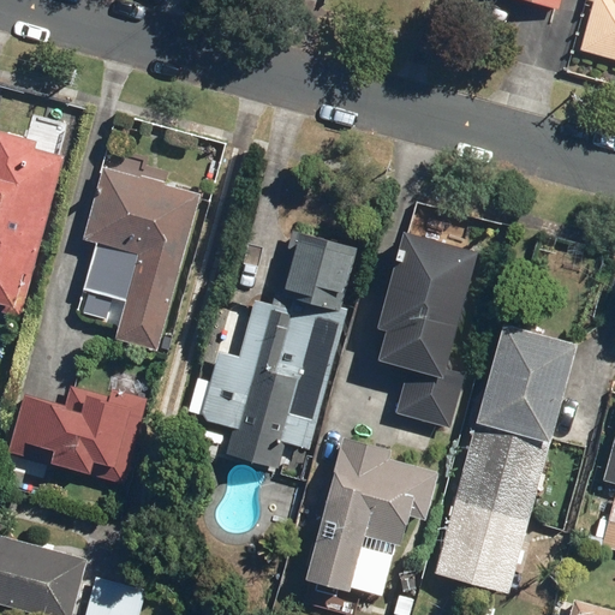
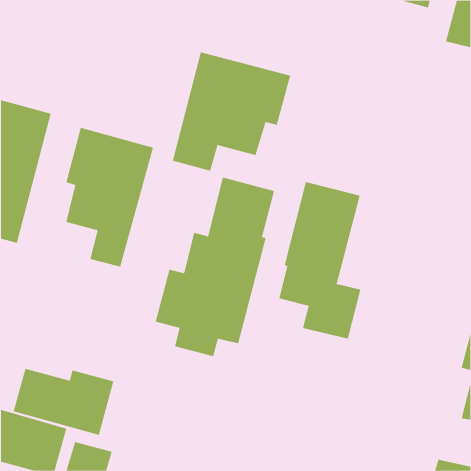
building: none -> [172,52,291,172]
building: [434,324,575,591] -> none
building: [10,394,142,482] -> [13,368,114,435]
building: [309,448,441,599] -> none

